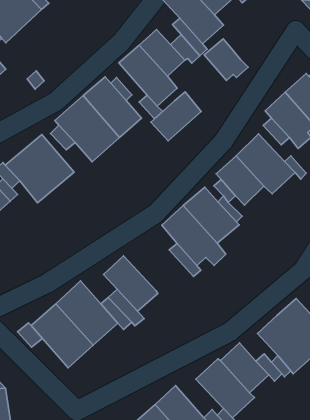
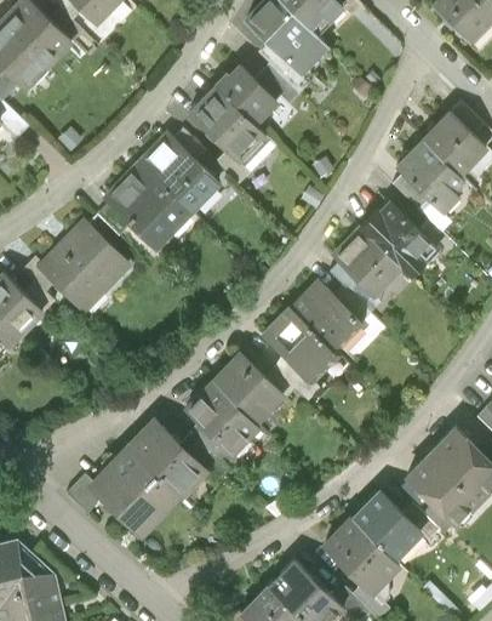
building: [204,39,248,81] -> none
building: [151,92,201,141] -> none
building: none -> [210,351,286,426]

